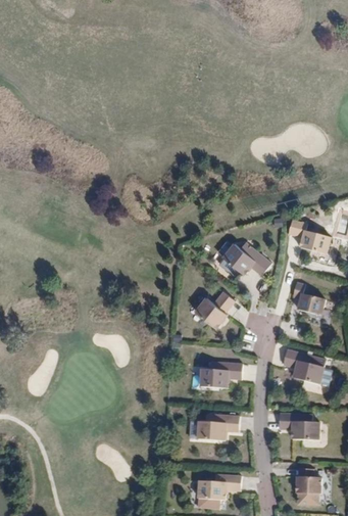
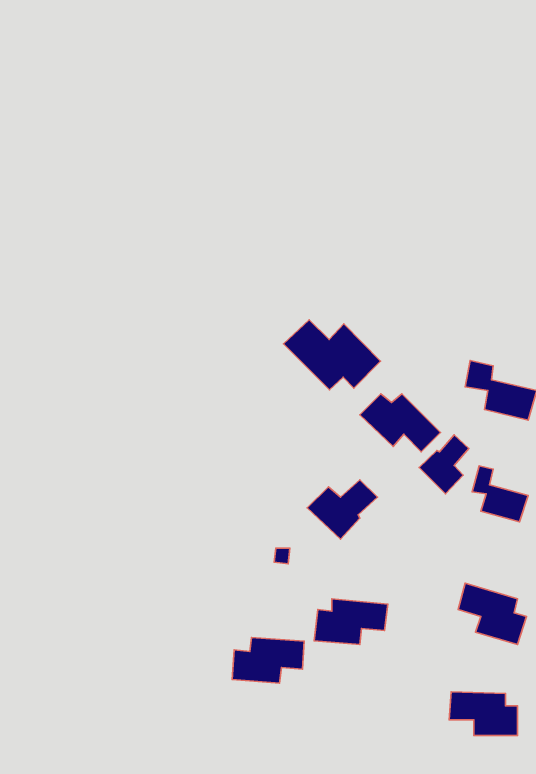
building: none -> [284,320,380,390]
building: none -> [419,435,469,494]
building: [197,414,239,440] -> [232,638,304,683]

